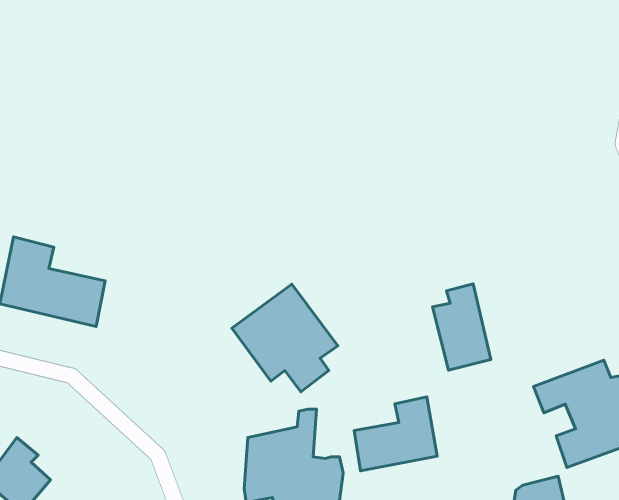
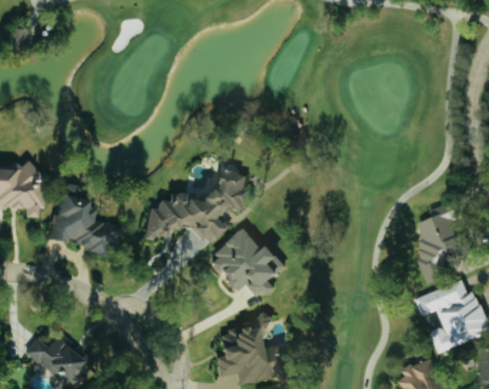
building: none -> [143,168,246,245]
building: [433,284,491,370] -> [419,205,459,264]
building: [354,397,437,471] -> none

